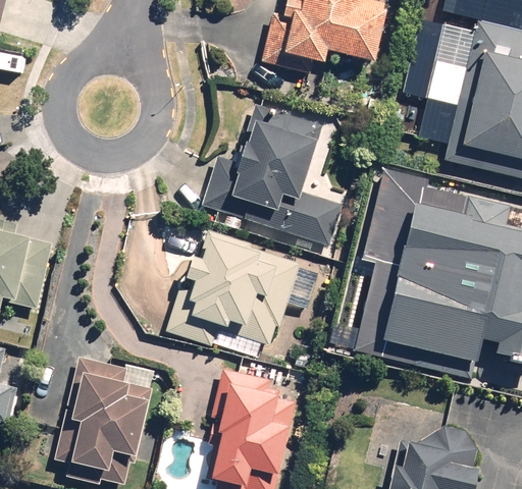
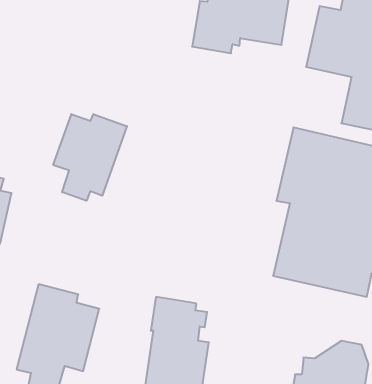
building: [201,104,345,250] -> none
building: none -> [53,114,127,201]
building: [166,233,302,357] -> none

